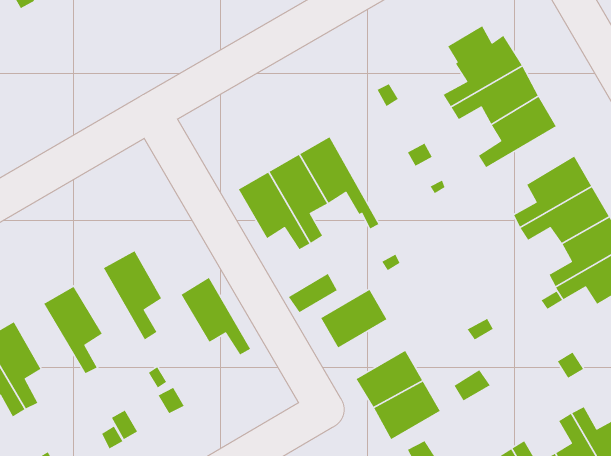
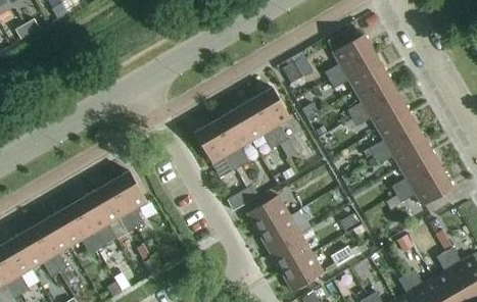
building: none -> [253,87,297,158]
building: none -> [352,92,409,129]
building: [180,277,251,356] -> [91,182,136,232]
building: none -> [53,204,98,254]
building: none -> [258,214,301,252]

